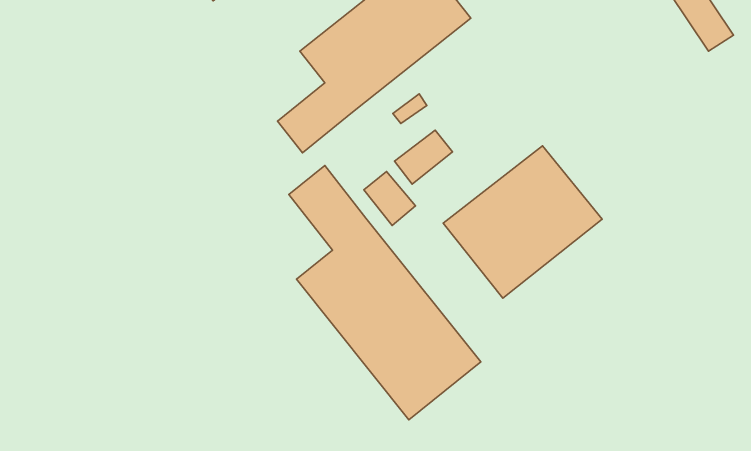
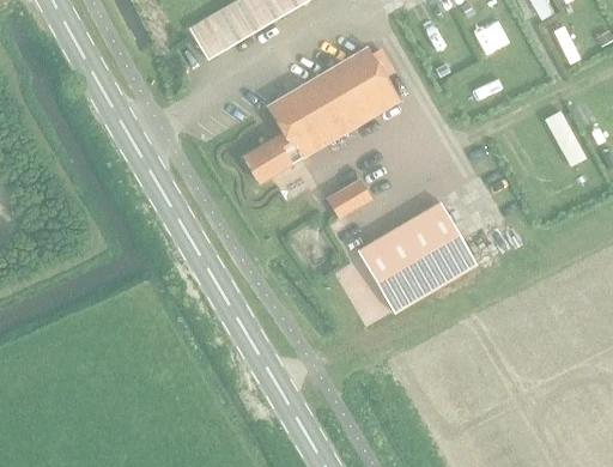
building: [289,165,481,420] -> none
building: [364,171,415,225] -> none

